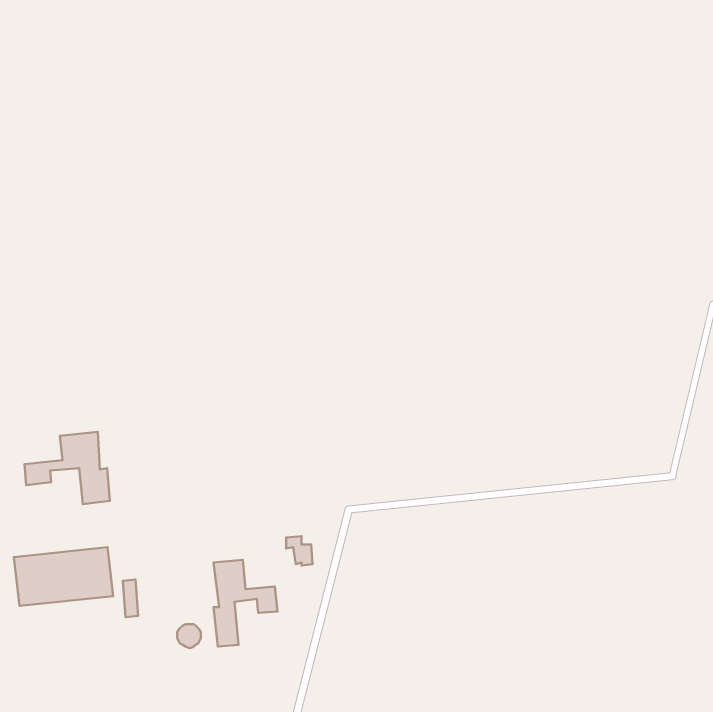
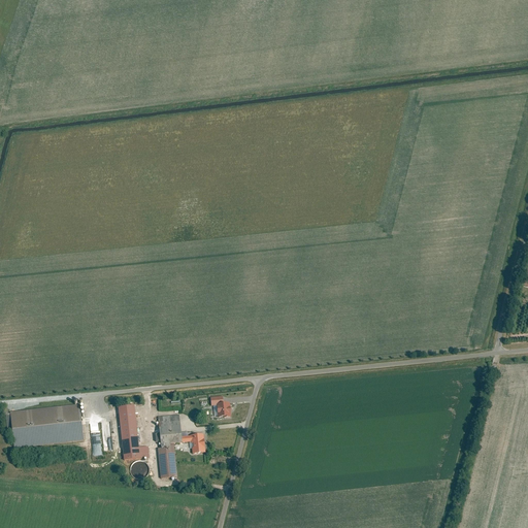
building: [24,432,110,504] -> none
building: none -> [118,404,150,459]

